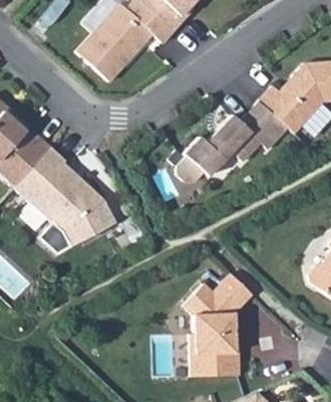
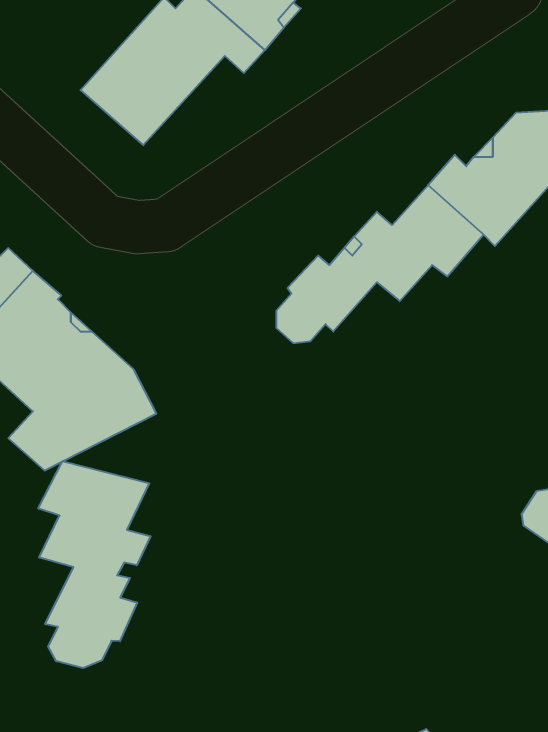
building: none -> [38,461,150,668]
building: [183,272,252,375] -> none

